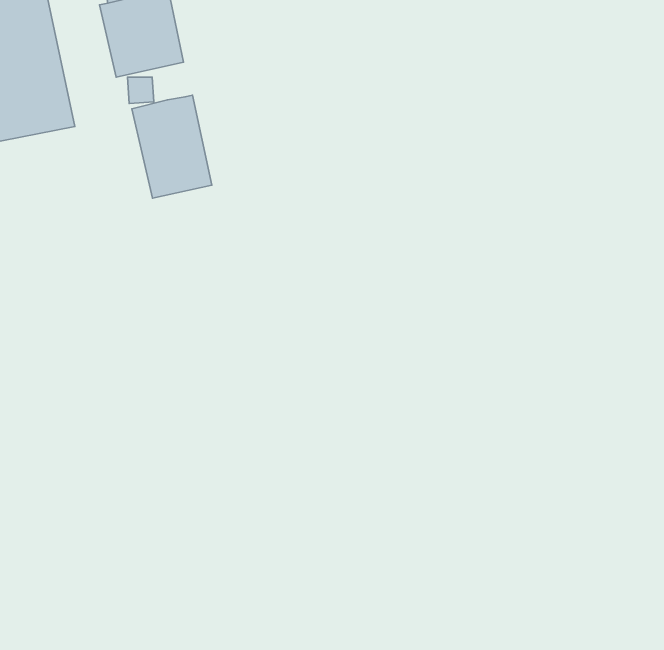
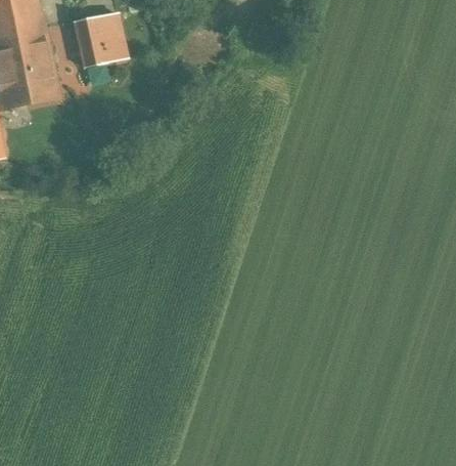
building: [132,95,212,198] -> none

